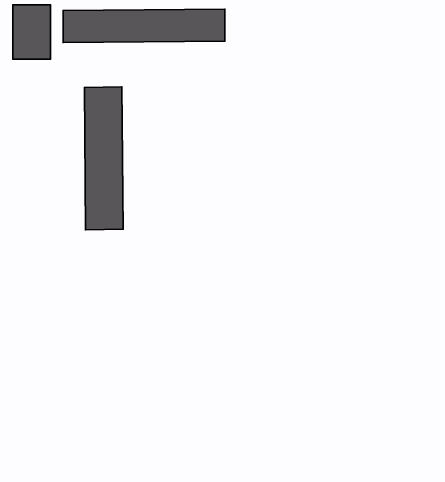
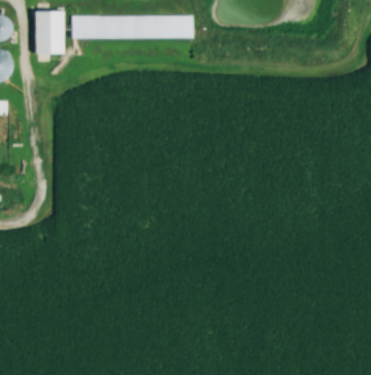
building: [84,87,123,230] -> none

